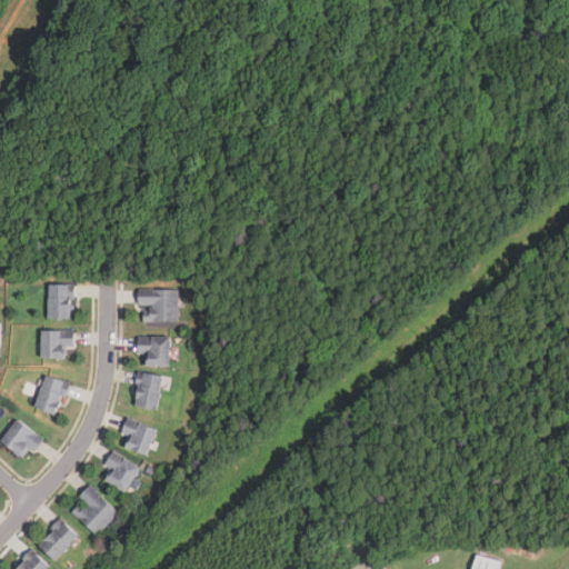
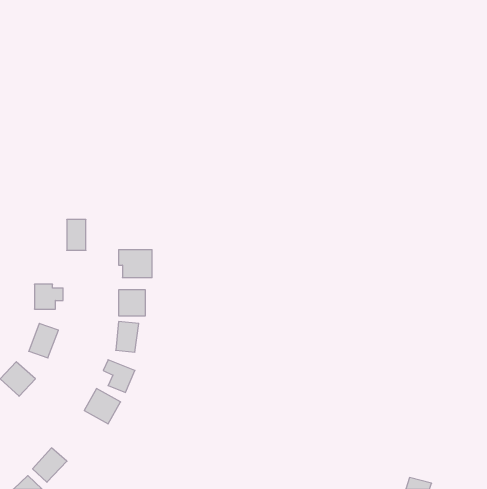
building: [48,284,70,320] -> [67,220,86,250]
building: [73,485,117,535] -> none

